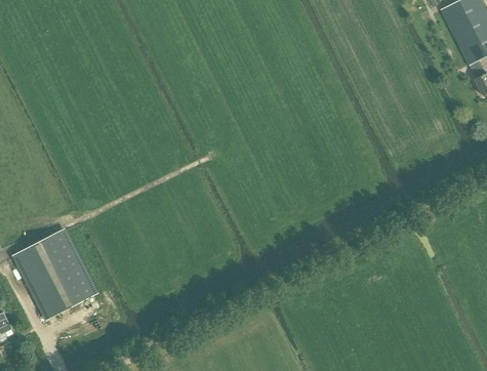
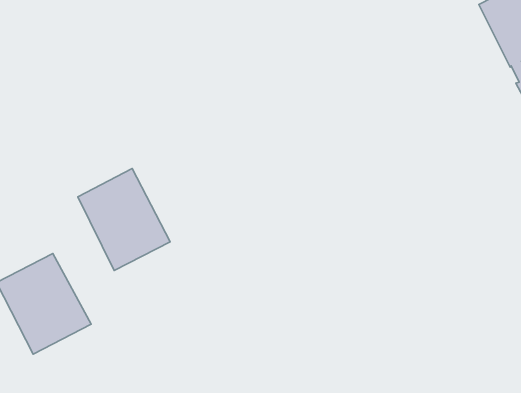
building: none -> [78,169,170,270]

